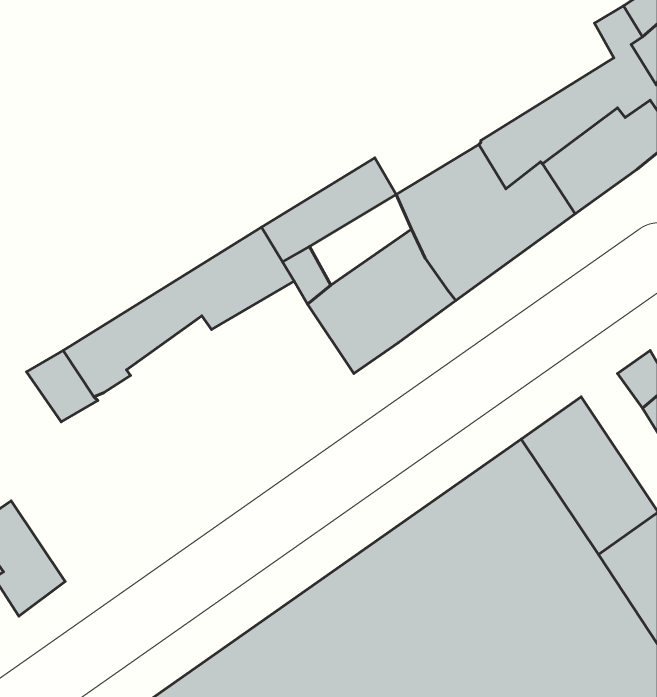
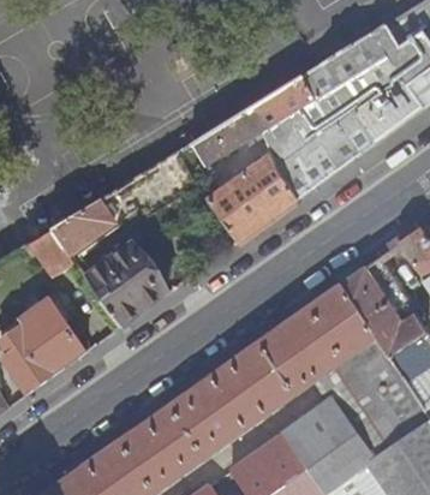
building: none -> [250,23,399,130]
building: none -> [88,243,168,324]
building: none -> [23,300,86,371]

